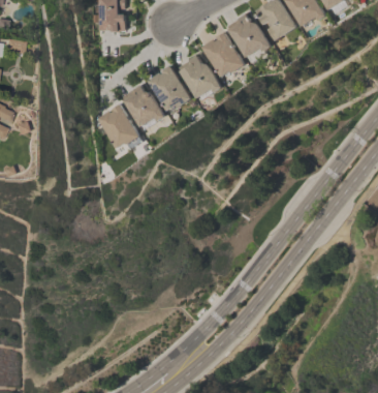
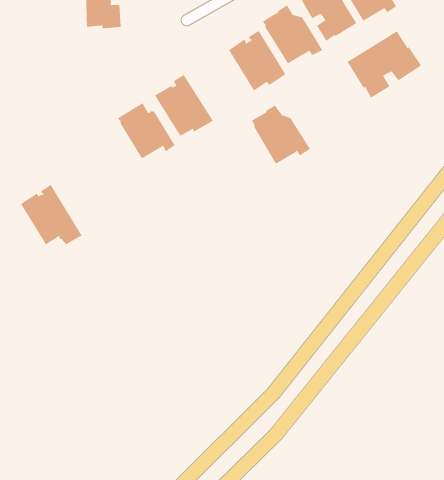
building: none -> [347,31,422,98]
building: [179,56,222,99] -> [251,105,311,165]
building: [97,104,143,149] -> [20,184,83,245]

